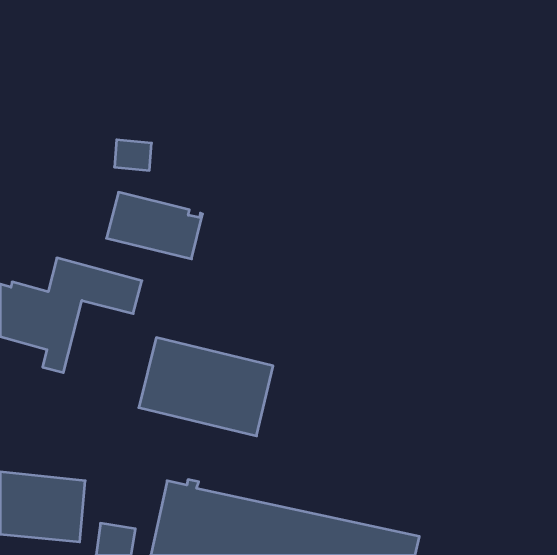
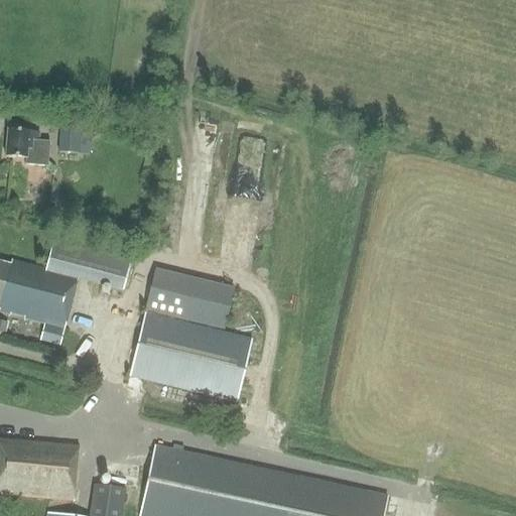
building: [114,140,152,170] -> [58,125,93,153]
building: none -> [7,129,50,165]
building: [106,192,203,259] -> [145,267,234,329]

